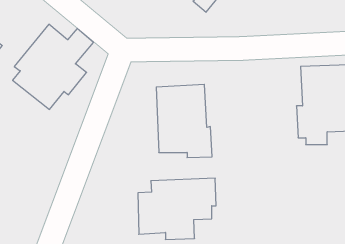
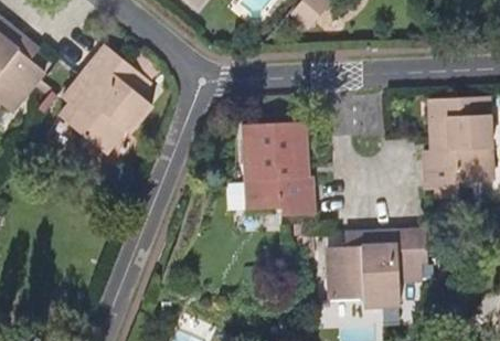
building: [138,178,216,239] -> [327,228,427,307]

